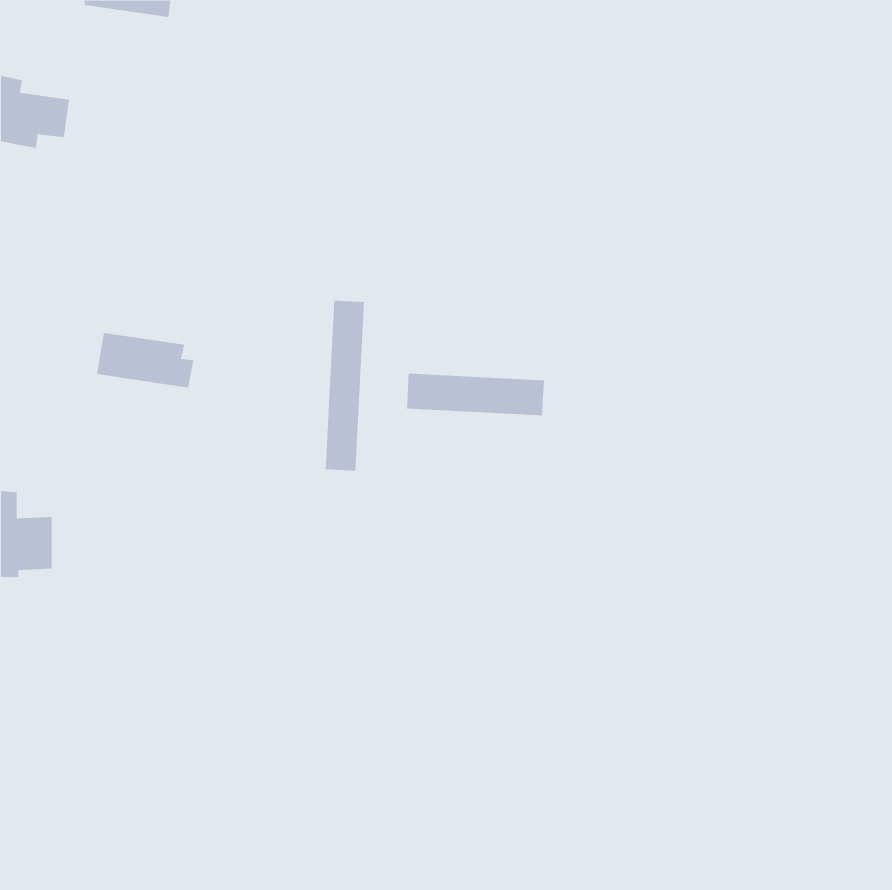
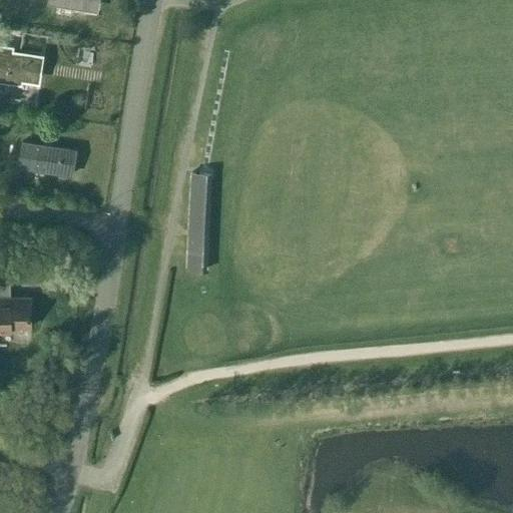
building: [96,332,194,388] -> [18,143,74,175]
building: [406,373,544,416] -> none

